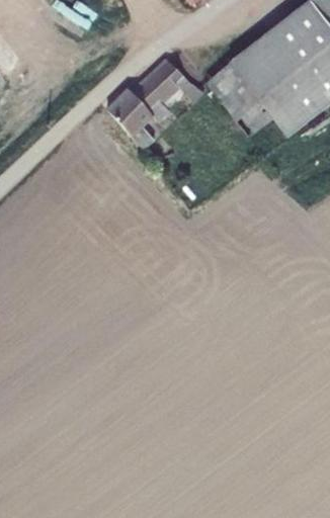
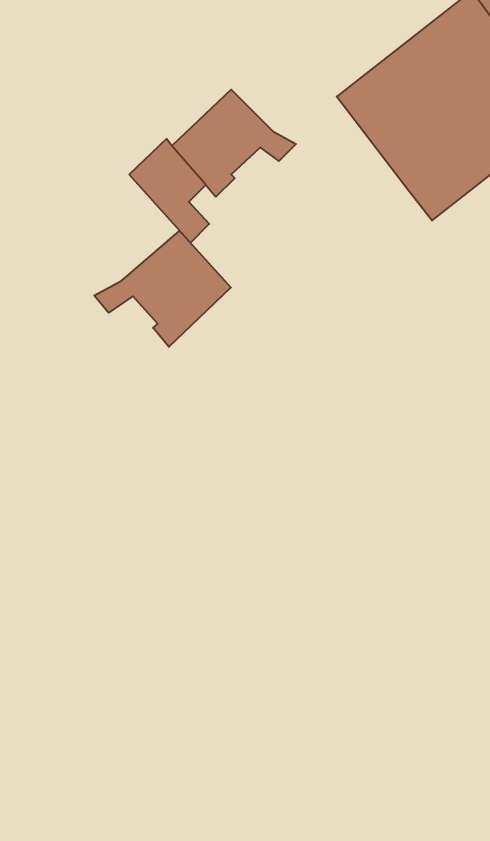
building: [205,62,272,136] -> none
building: none -> [94,231,231,347]

